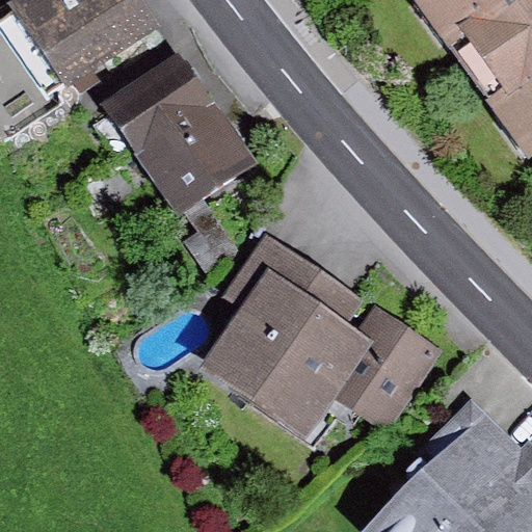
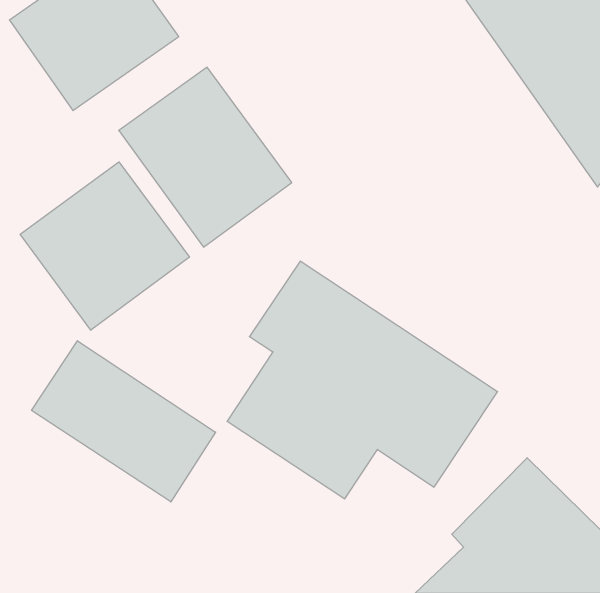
building: none -> [20,162,190,330]
building: none -> [32,341,216,502]

